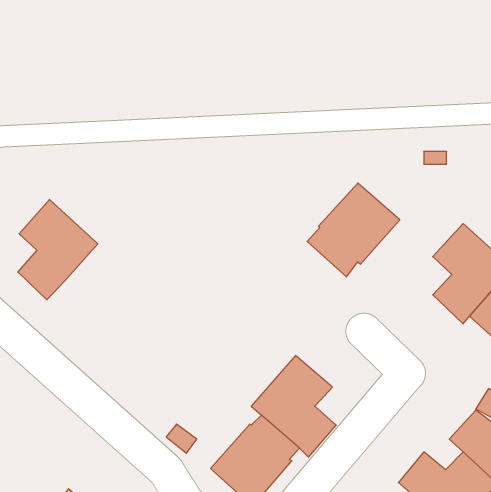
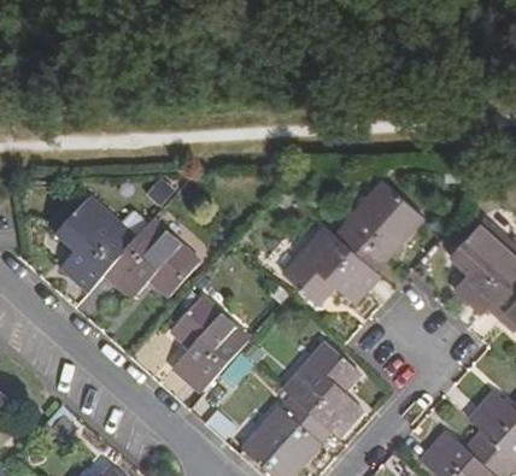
building: none -> [105,219,200,296]
building: none -> [282,225,377,302]
building: none -> [170,296,250,392]

